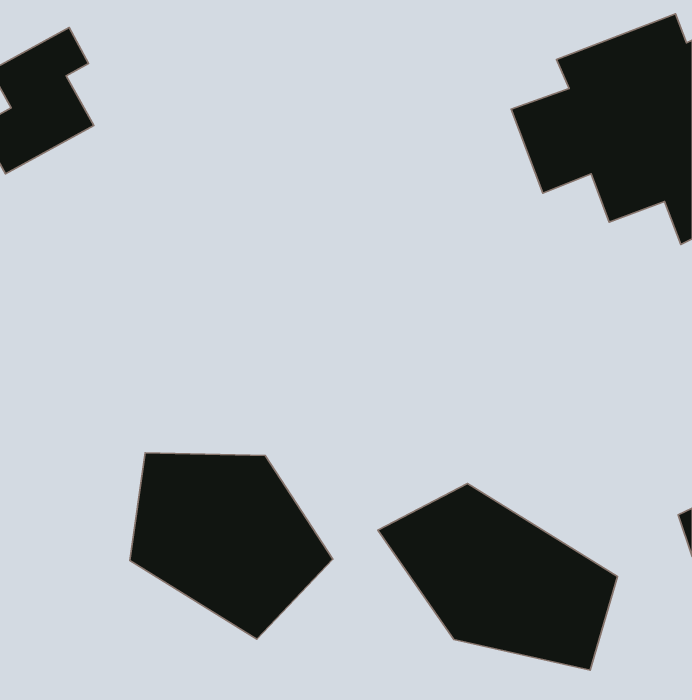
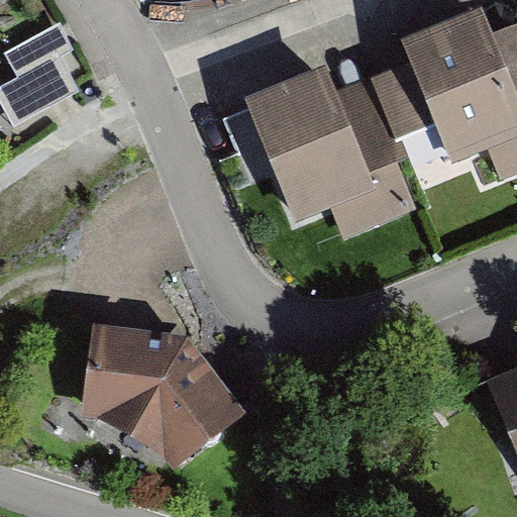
building: none -> [244,63,421,237]
building: [378,484,617,670] -> none

